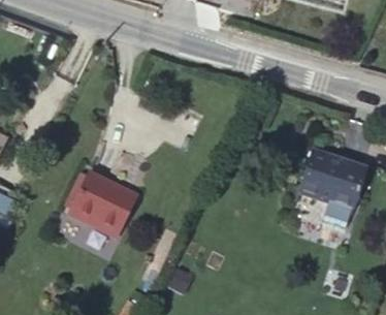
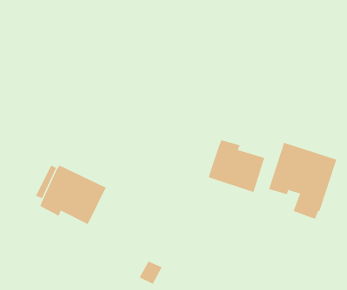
building: none -> [208,139,265,193]

